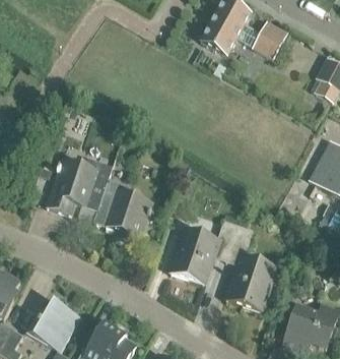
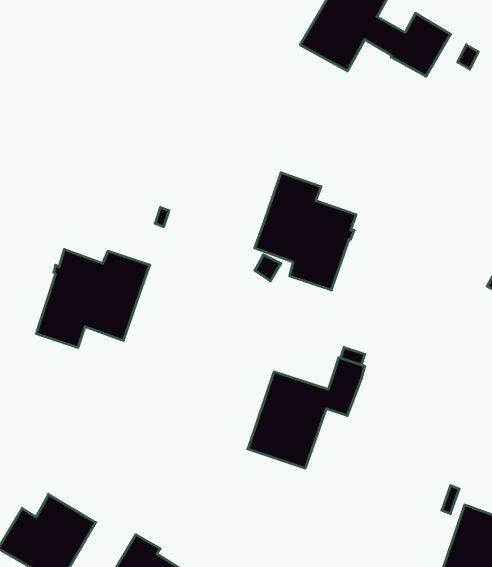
building: [93,177,152,245] -> [255,173,356,290]
building: [224,232,275,311] -> none

